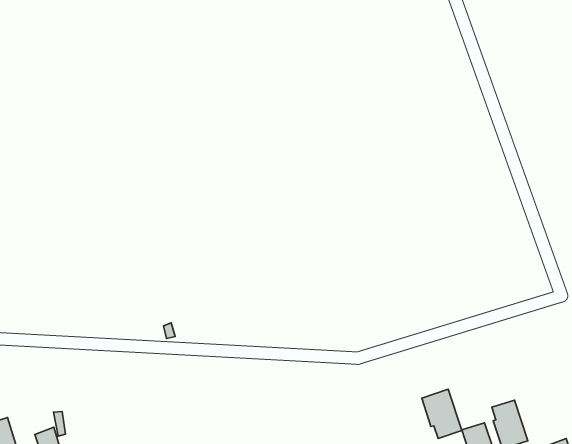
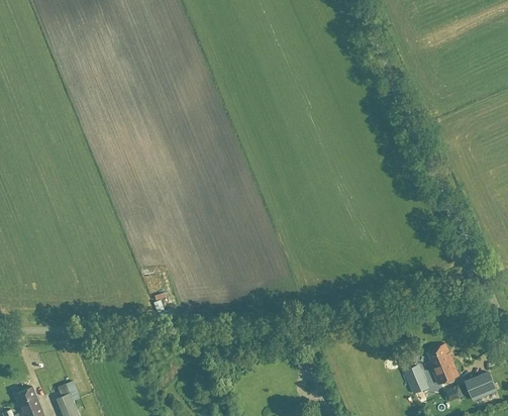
building: [422,389,462,439] -> none

